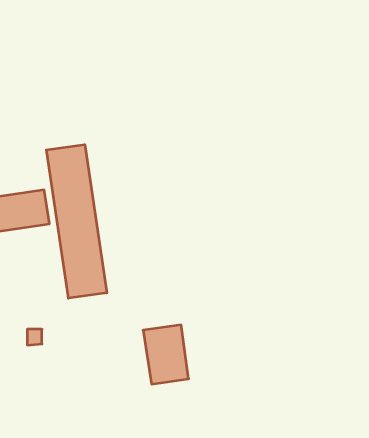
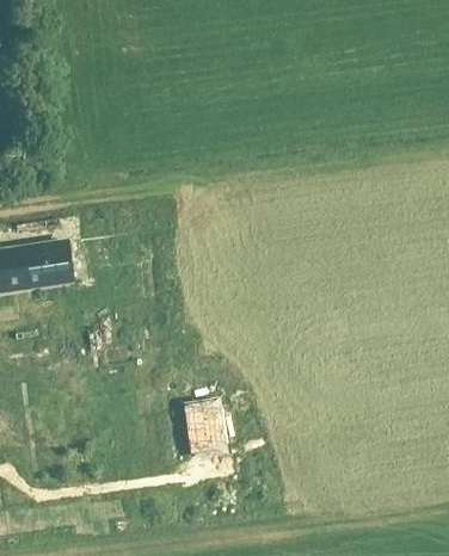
building: [46,145,107,298] -> none

